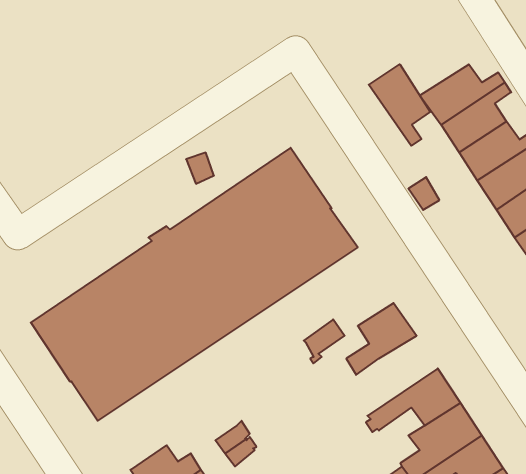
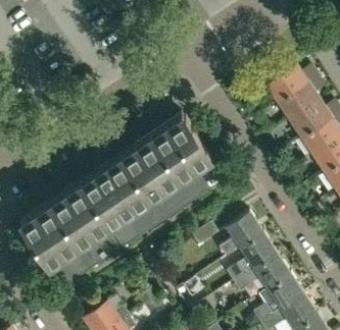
building: [369,64,430,146] -> none
building: none -> [227,233,277,283]

